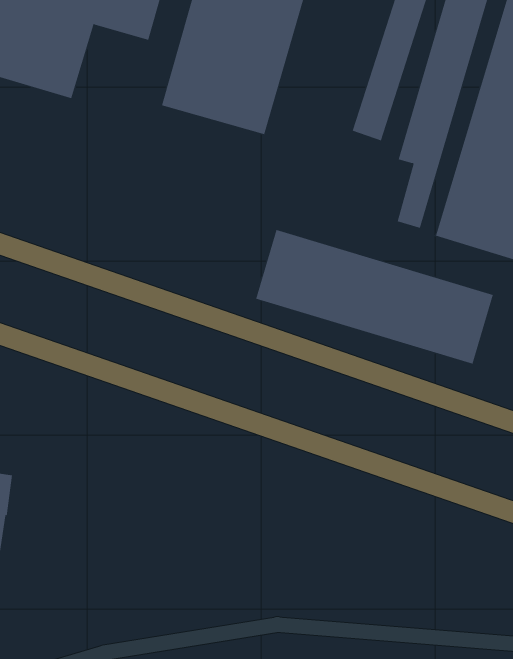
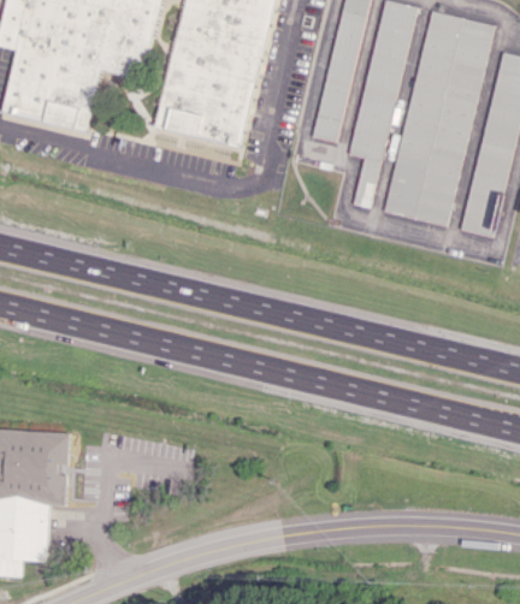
building: [255,229,494,365] -> none

